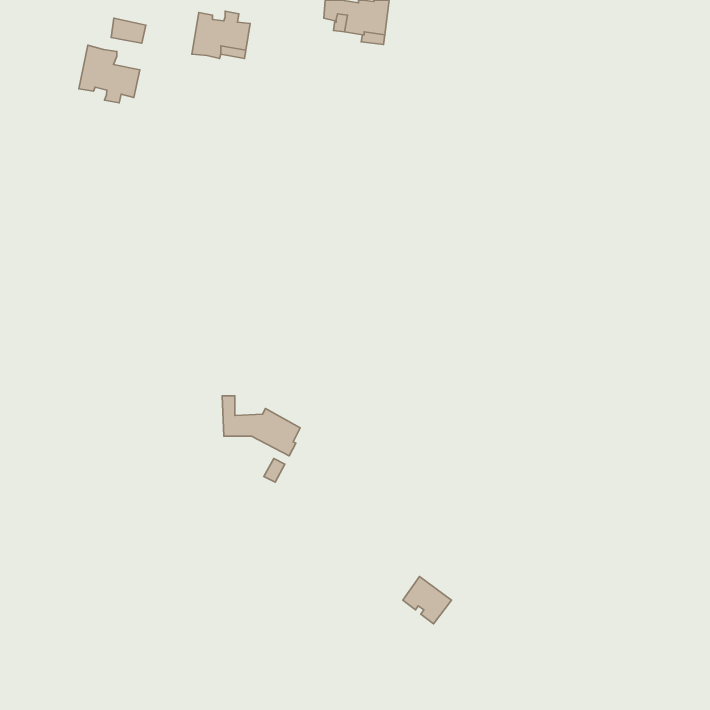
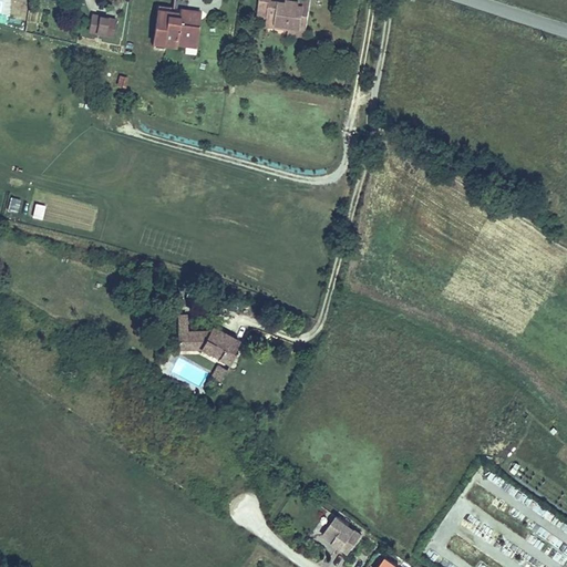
building: [79,45,140,103] -> none
building: [403,577,452,624] -> [323,515,362,553]

